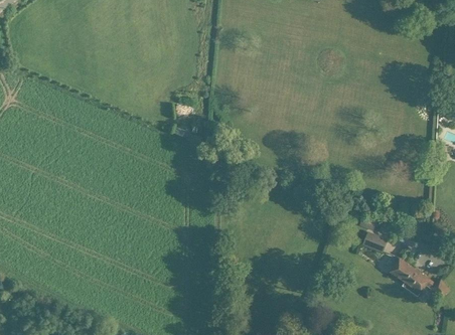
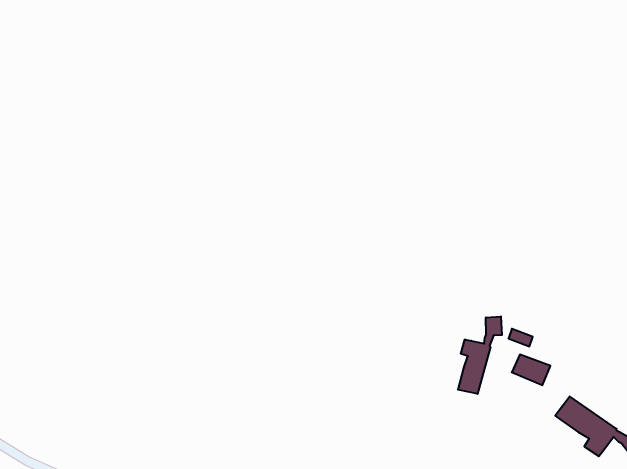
building: none -> [458,316,502,394]

